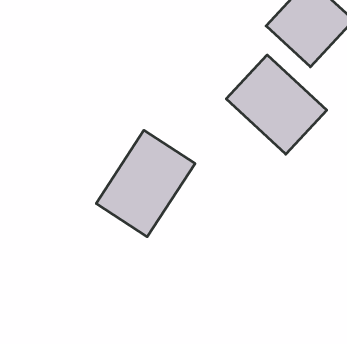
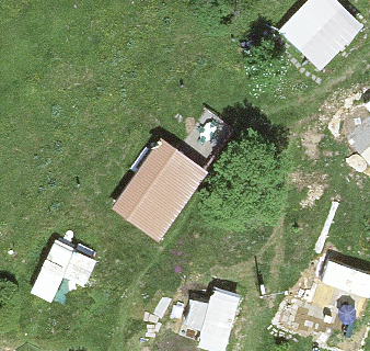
building: [226,55,327,154] -> none

